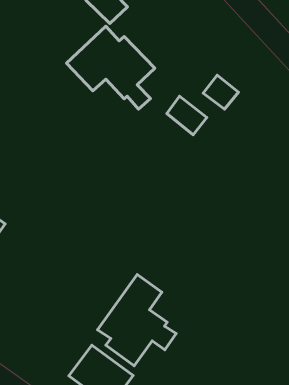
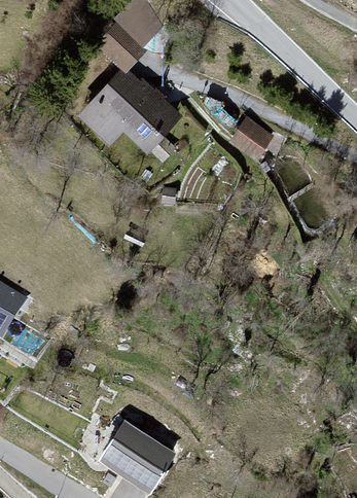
building: [167,96,207,135] -> none
building: [97,274,176,366] -> none

